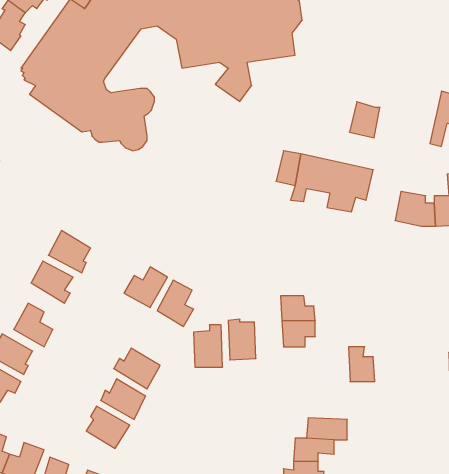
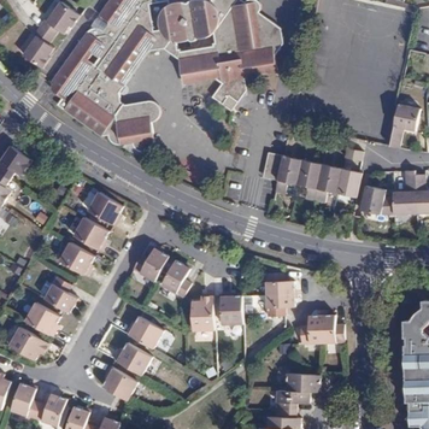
building: [349,102,380,138] -> [335,168,360,198]
building: none -> [86,193,119,228]
building: none -> [300,315,322,345]

